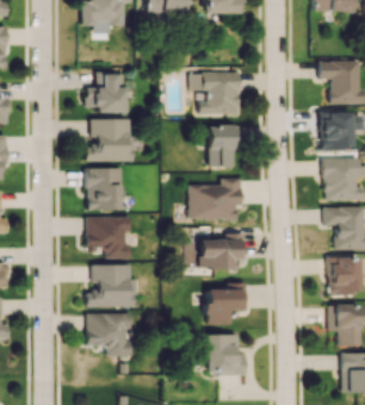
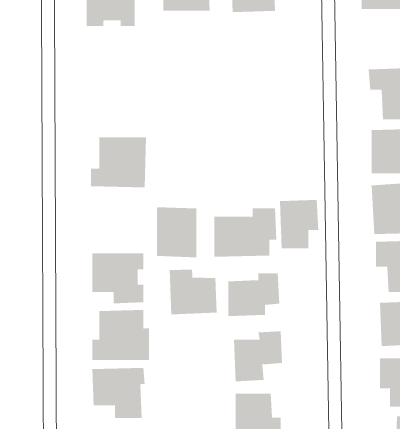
building: [87,73,125,113] -> none
building: [192,73,241,116] -> none
building: [209,125,242,167] -> [279,199,319,249]
building: [87,168,122,211] -> [156,207,197,258]
building: none -> [169,269,217,315]

